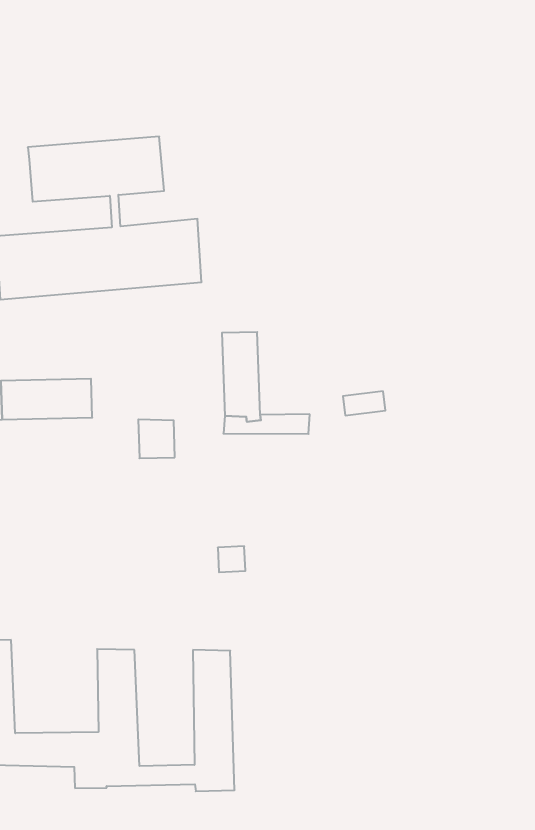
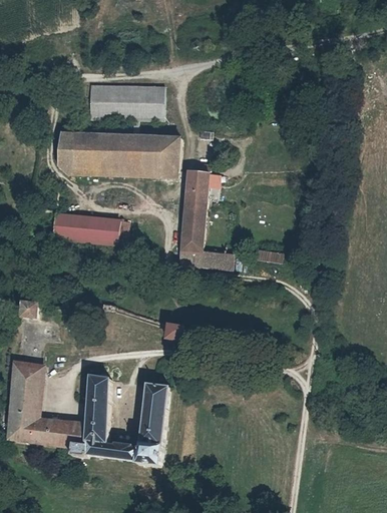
building: none -> [183,165,207,205]
building: [138,419,175,458] -> [104,220,126,244]

